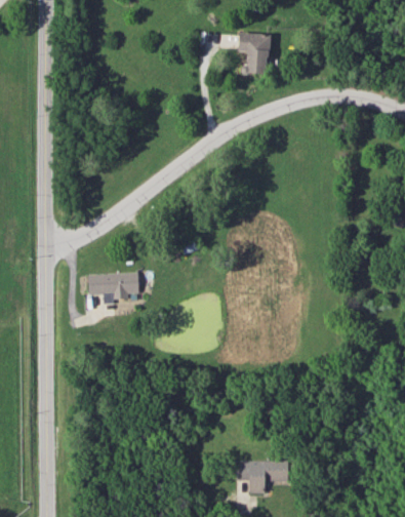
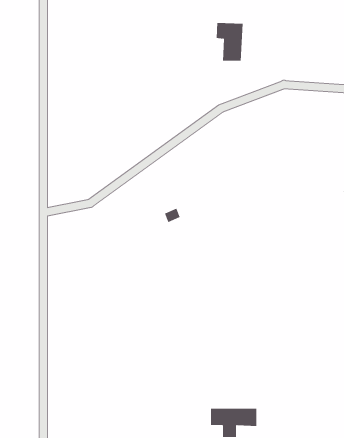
building: [87,272,138,303] -> none

